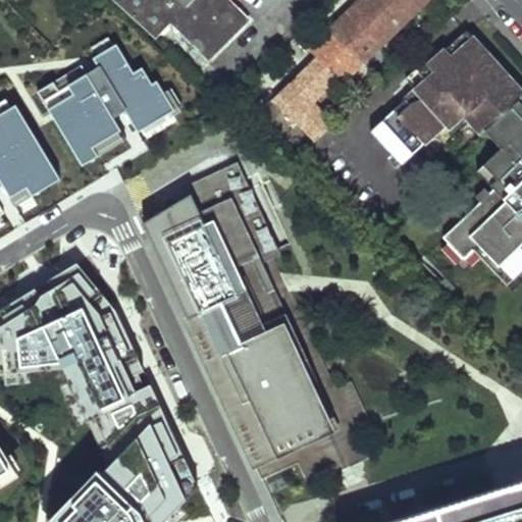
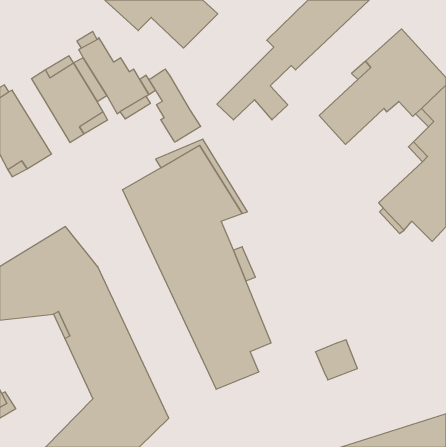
building: none -> [149,69,201,142]
building: [292,396,341,442] -> [315,340,357,380]

